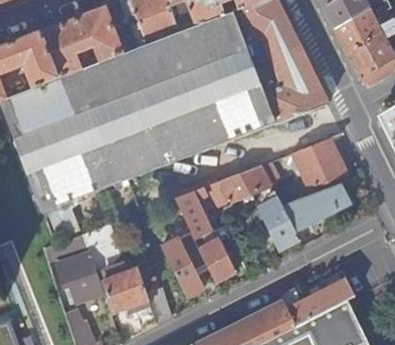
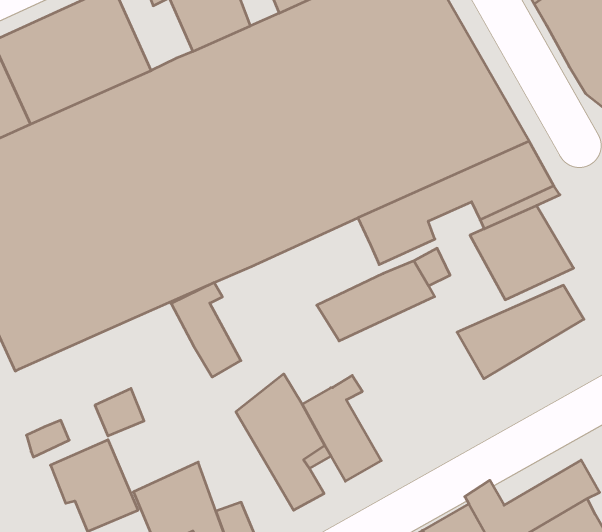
building: [176,188,212,239] -> [171,283,241,377]
building: [260,193,301,250] -> none

